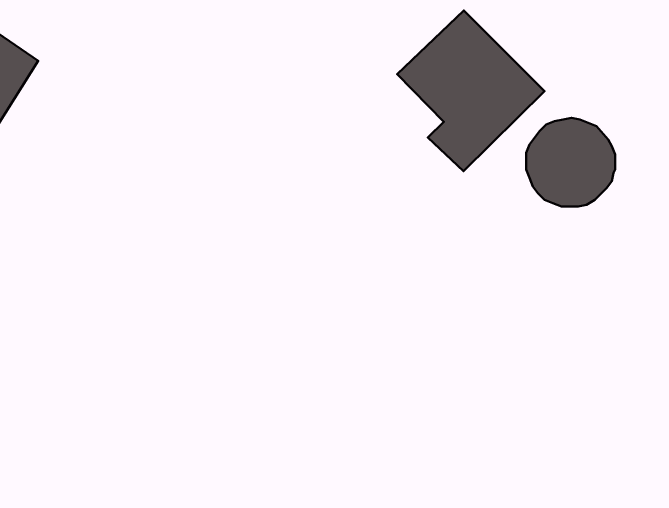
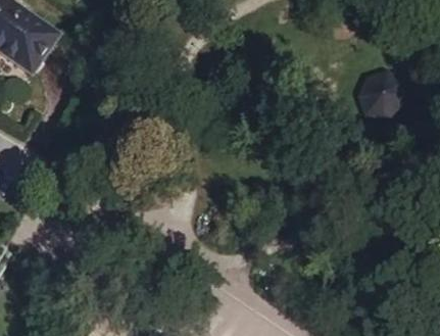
building: [397,11,544,171] -> none

